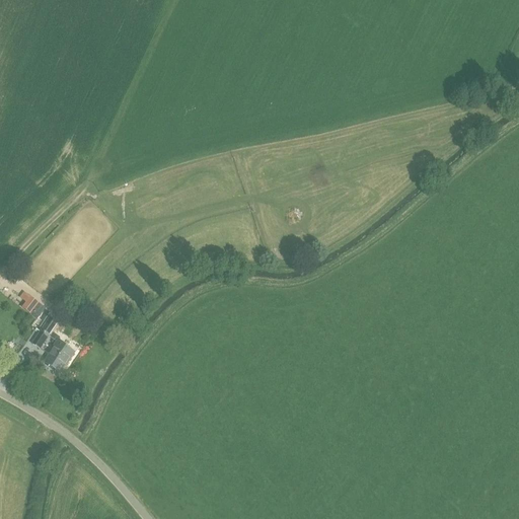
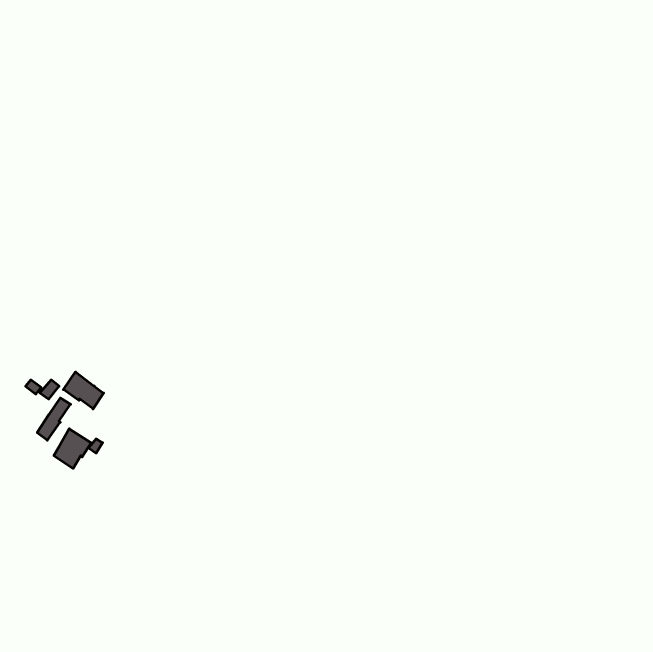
building: none -> [63,372,104,409]

